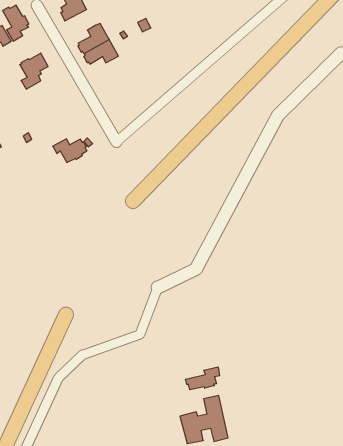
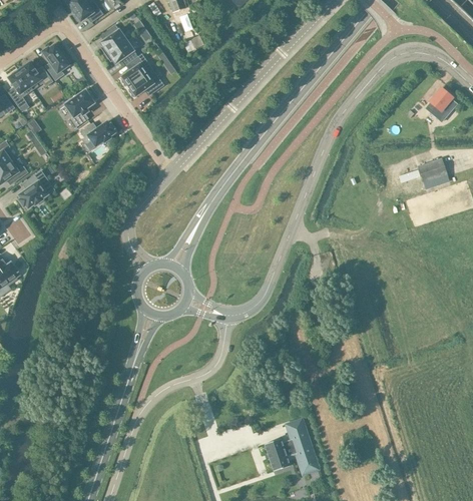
building: none -> [105,41,137,65]
building: [53,139,87,162] -> [79,121,114,146]
building: [185,367,220,390] -> none

